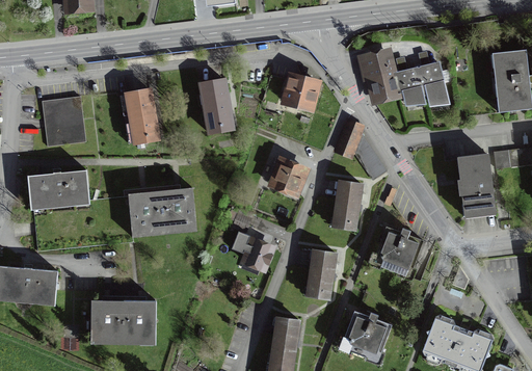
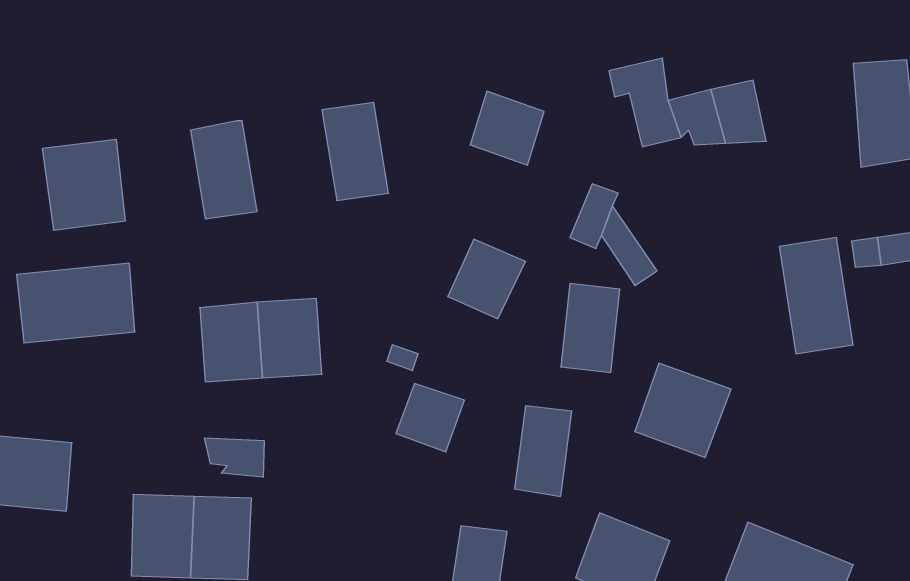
building: none -> [205,438,264,477]

